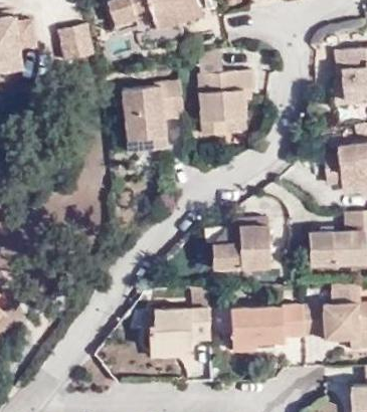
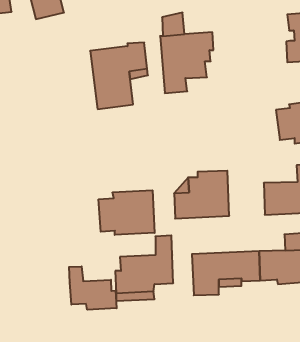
building: none -> [99,190,155,235]
building: none -> [69,266,117,310]

